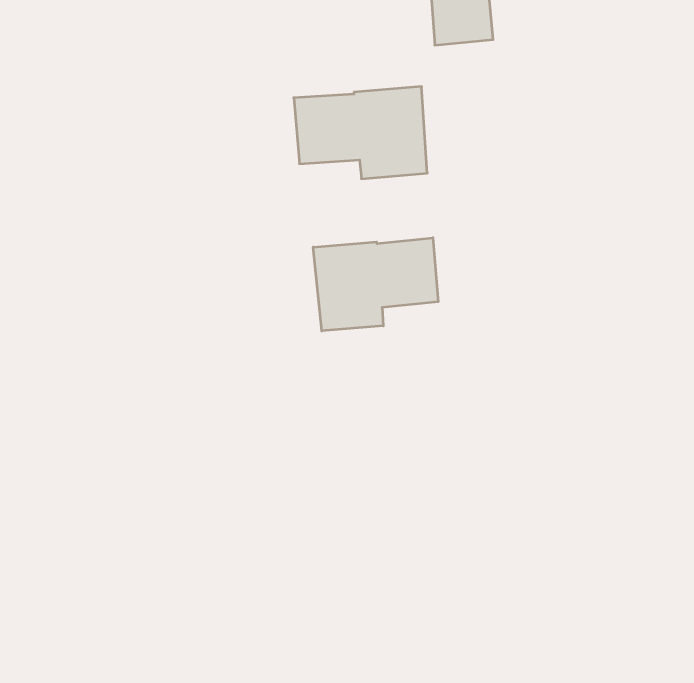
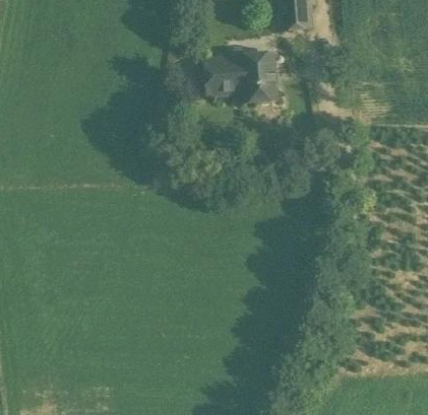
building: [313,238,438,331] -> none

